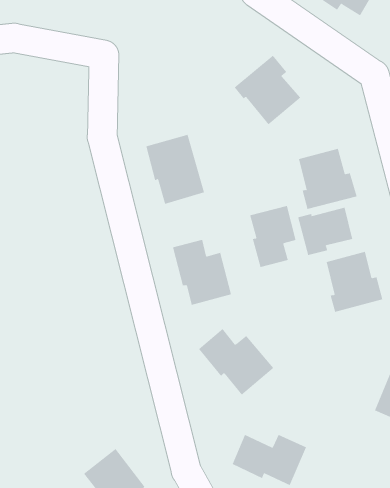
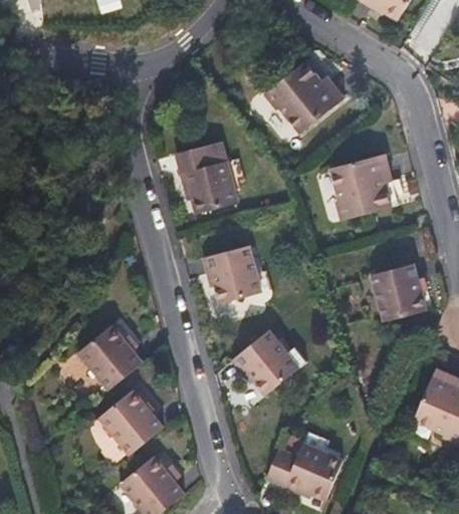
building: [249,205,296,268] -> none
building: [298,207,353,256] -> none
building: none -> [81,318,152,389]
building: none -> [99,388,166,454]

